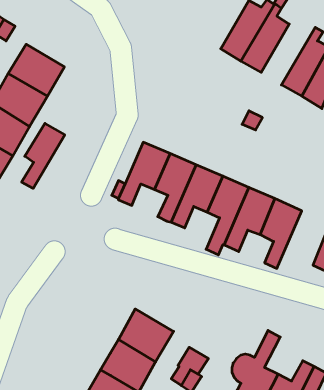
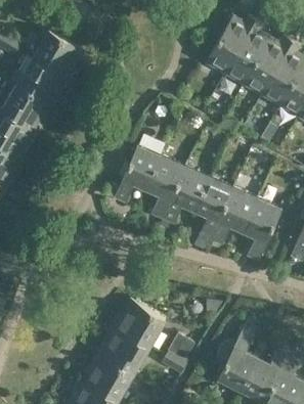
building: none -> [31,30,82,79]
building: none -> [245,38,294,95]
building: [22,123,65,188] -> none

